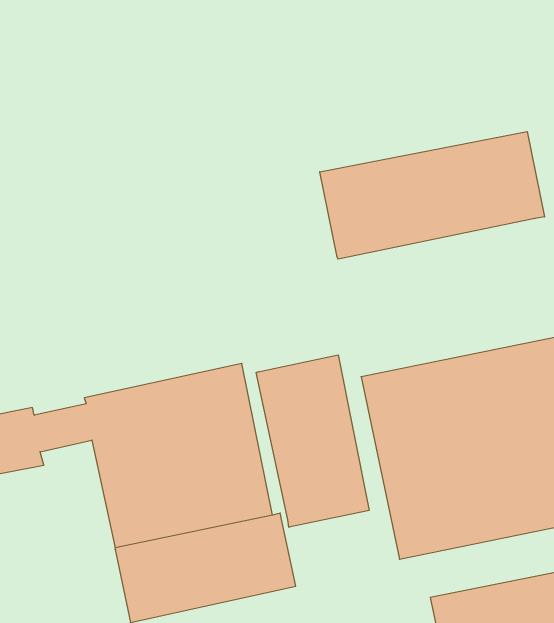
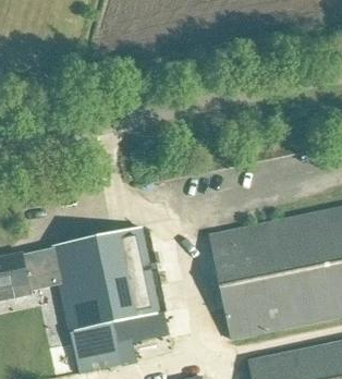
building: [320,132,544,259] -> none
building: [256,355,369,527] -> none

